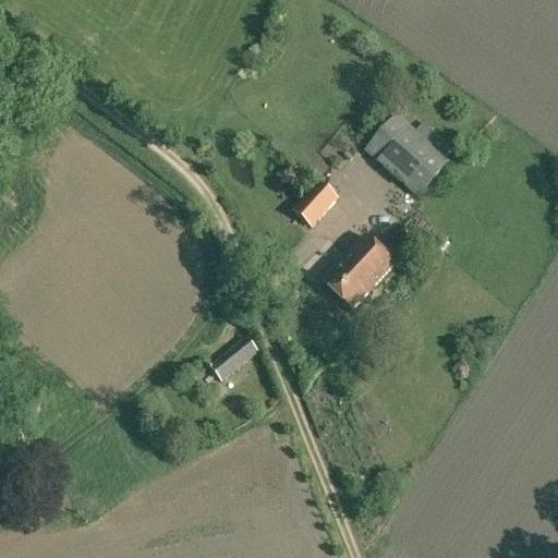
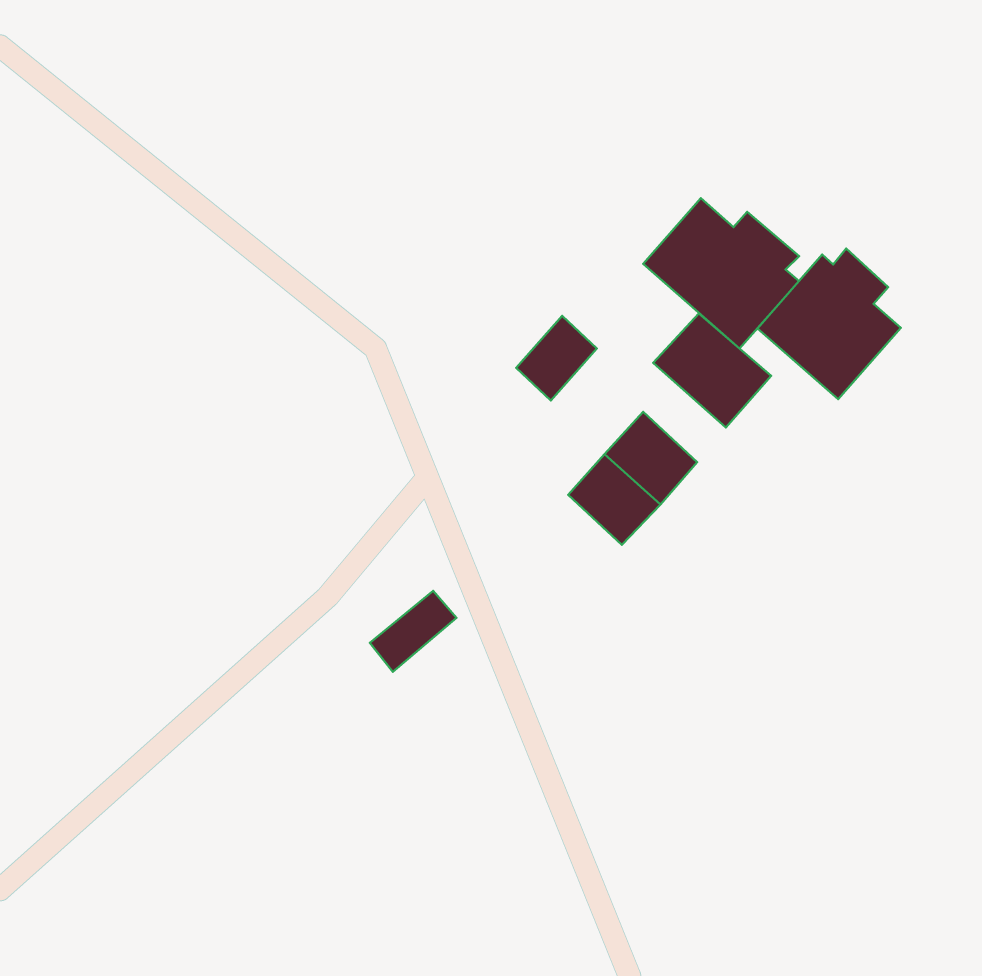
building: none -> [758,248,901,399]
building: none -> [653,314,771,427]

